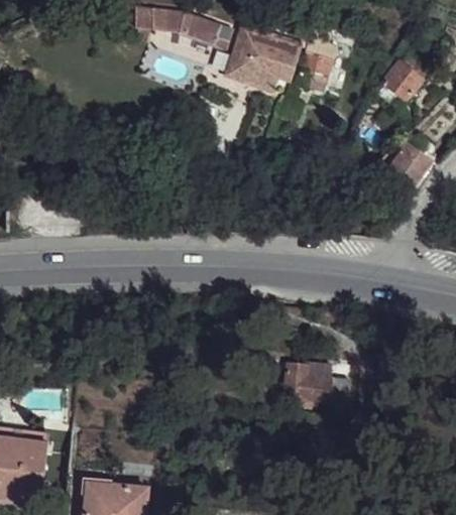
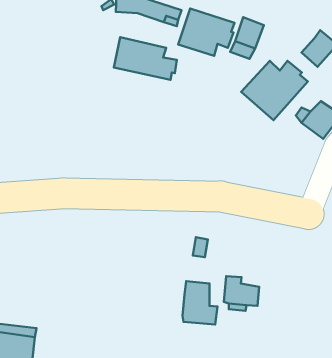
building: none -> [114,37,177,80]
building: none -> [241,61,308,120]
building: none -> [183,281,217,325]

